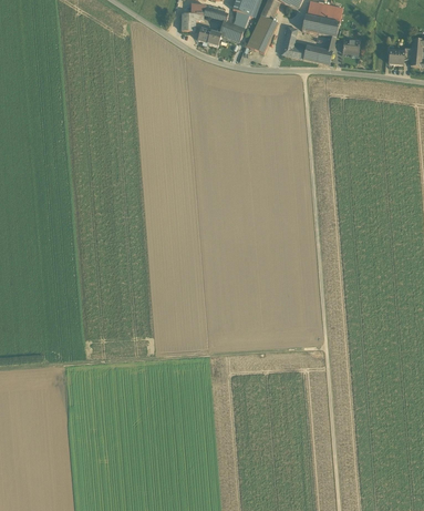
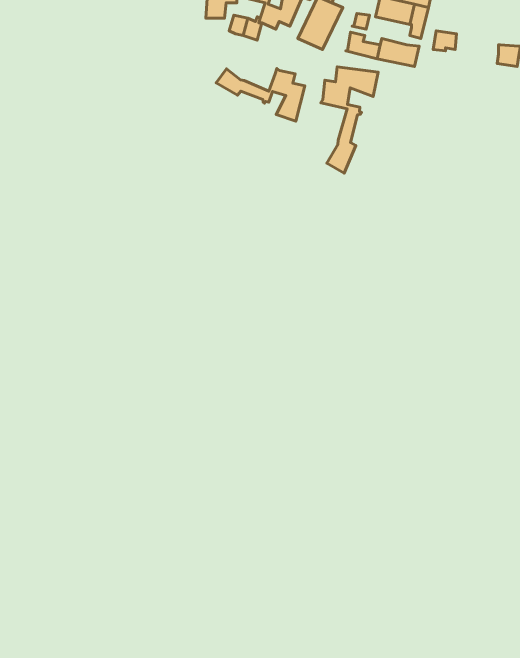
building: none -> [321,67,378,173]
building: none -> [216,68,305,121]

